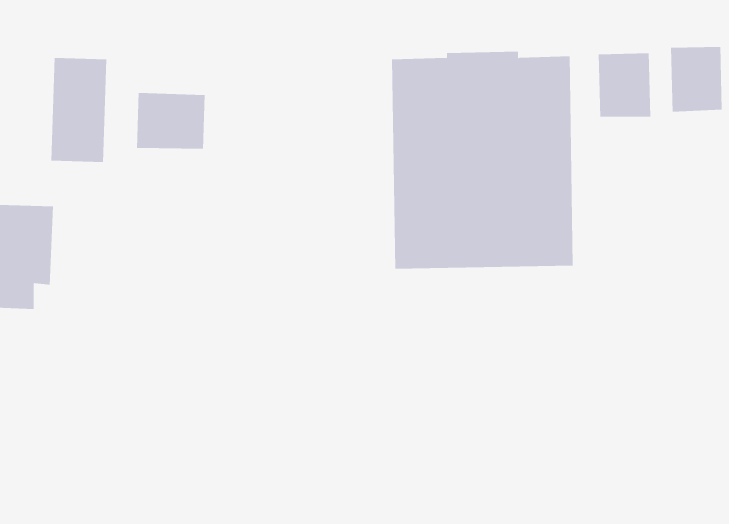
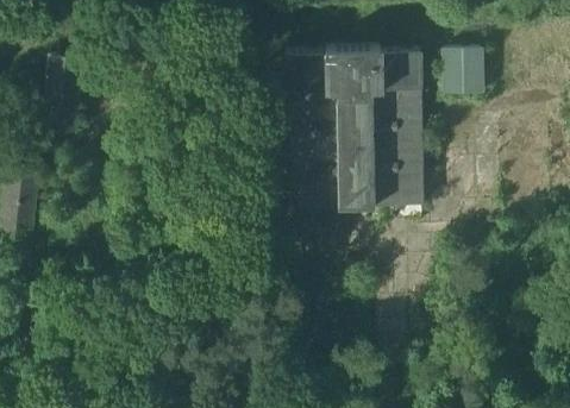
building: [671,46,722,113] -> none
building: [136,92,205,150] -> none

